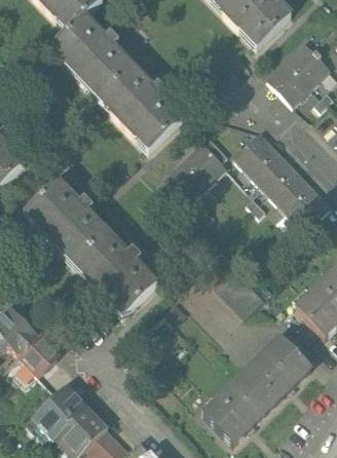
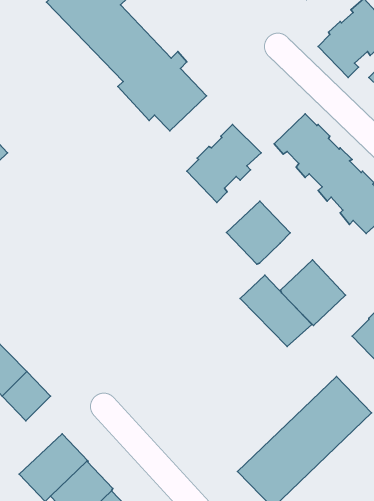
building: [28,182,154,311] -> none
building: none -> [227,201,290,264]
building: none -> [281,260,345,325]

